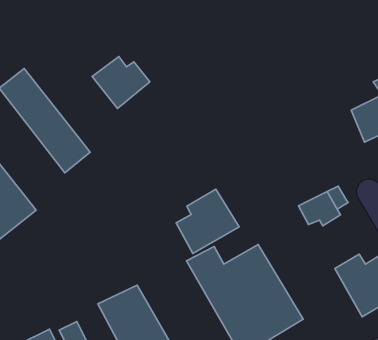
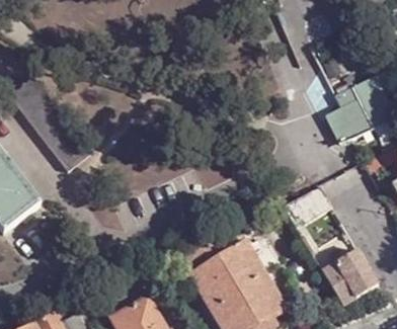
building: [92,56,150,109] -> none
building: [176,189,239,253] -> none

